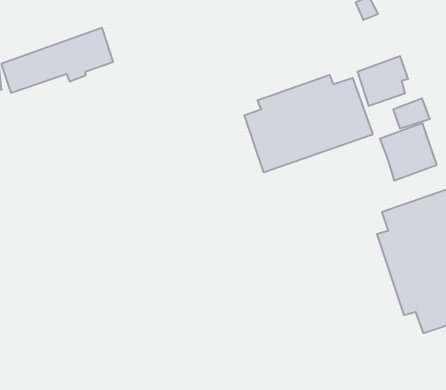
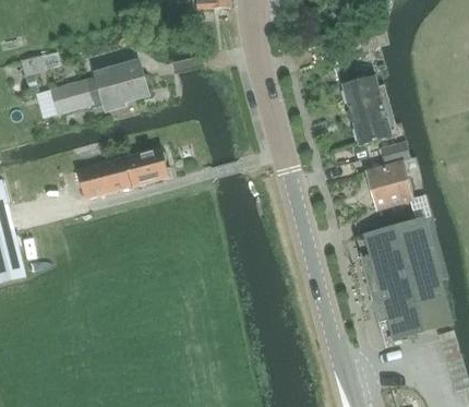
building: none -> [342,75,388,115]
building: [244,75,372,172] -> none
building: none -> [76,147,168,199]

